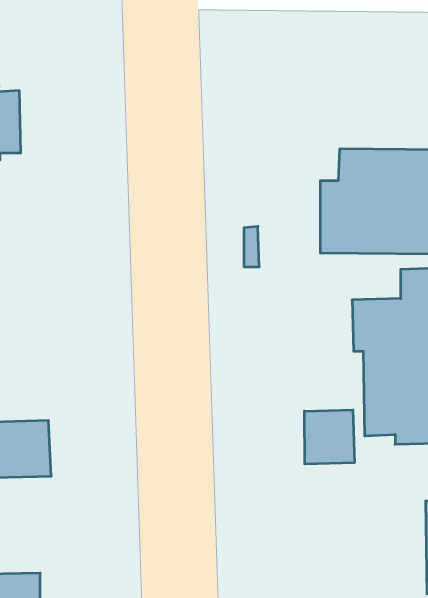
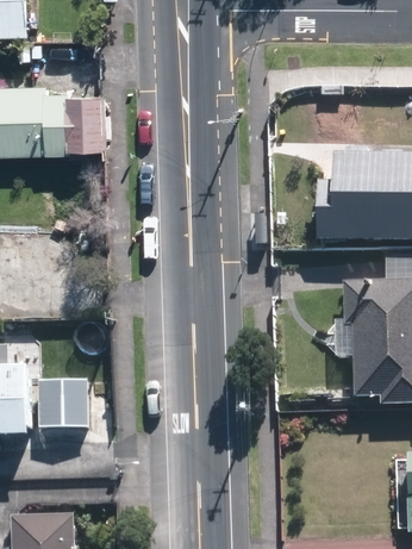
building: none -> [57,99,95,155]
building: [304,410,354,464] -> none

